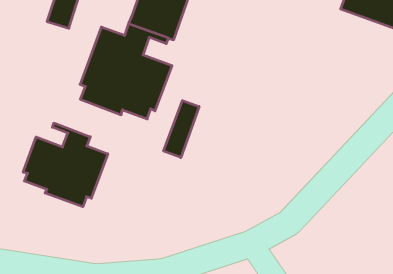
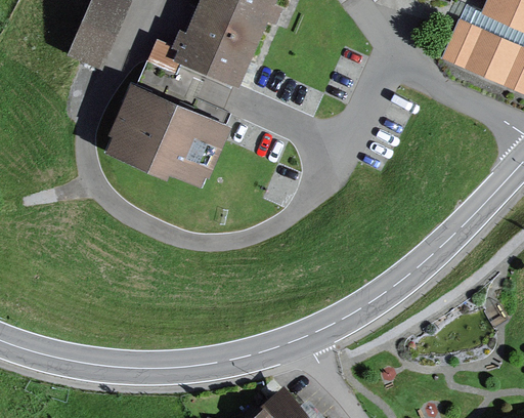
building: [164,101,199,158] -> none
building: [23,123,108,207] -> none

